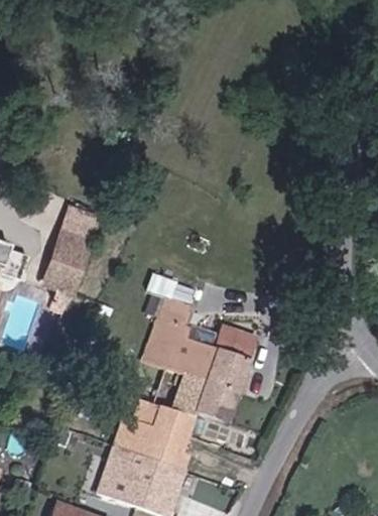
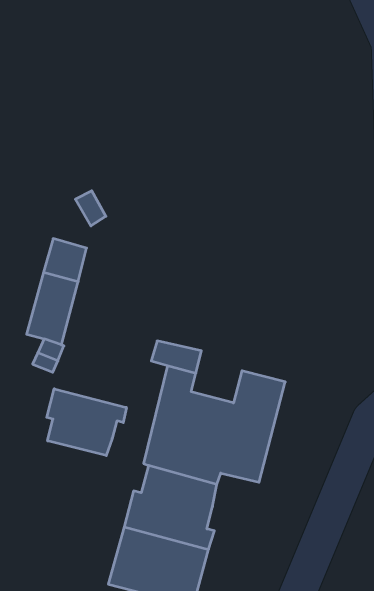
building: none -> [47,389,126,456]

